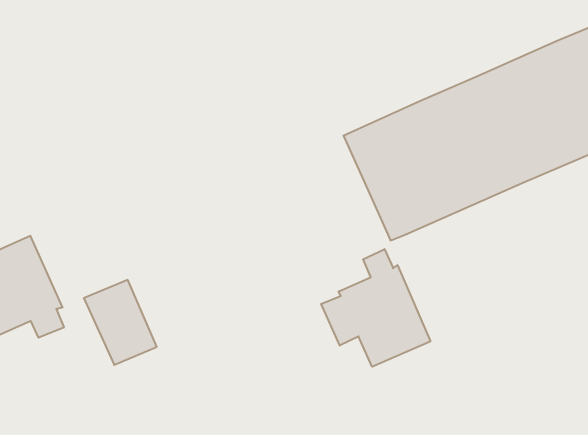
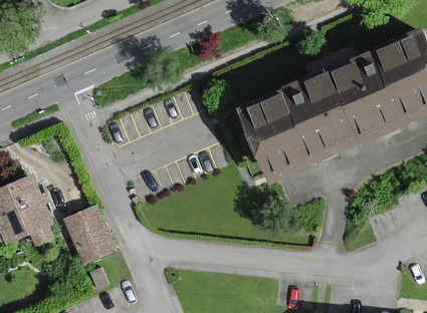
building: [321,249,430,367] -> none

